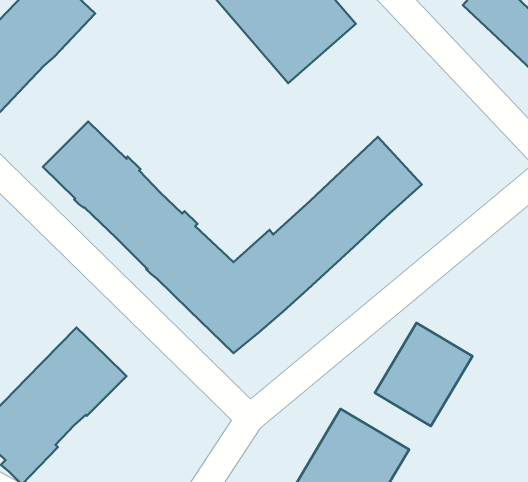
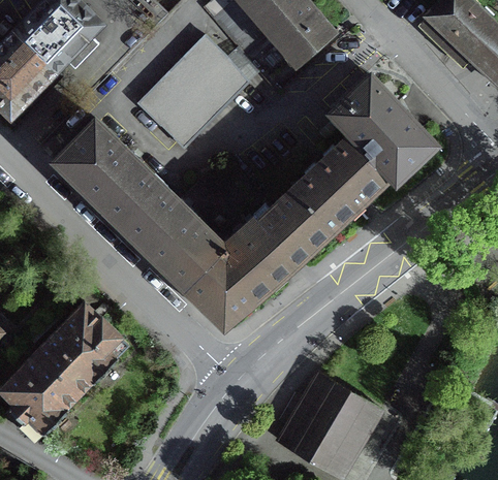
building: none -> [138,36,249,149]
building: none -> [333,76,434,180]
building: [375,323,473,426] -> none

